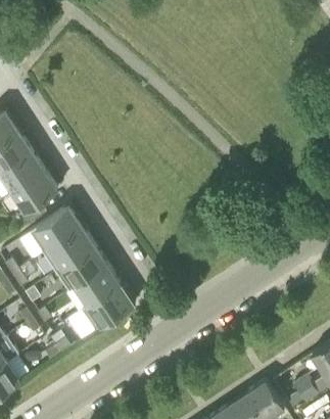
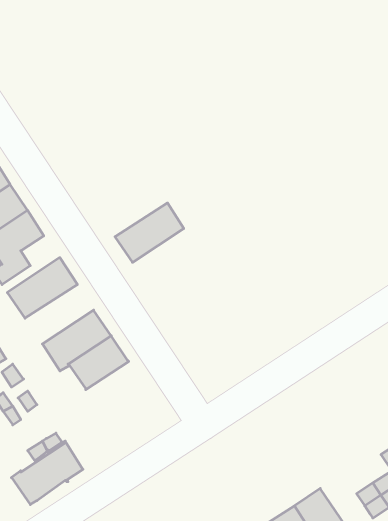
building: [43,226,95,271] -> [115,203,184,262]
building: [82,282,136,330] -> [11,441,83,505]

